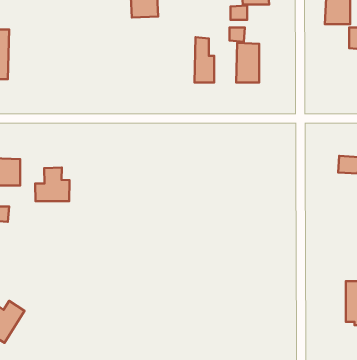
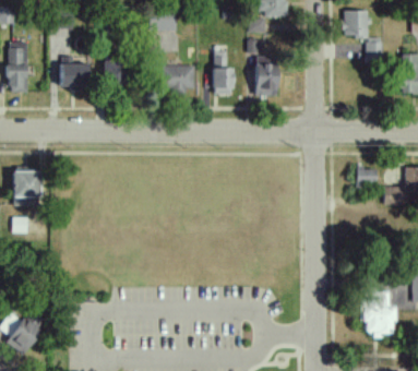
building: none -> [104,57,130,87]
building: none -> [61,62,88,87]
building: none -> [160,63,196,94]
building: [35,168,70,201] -> none

